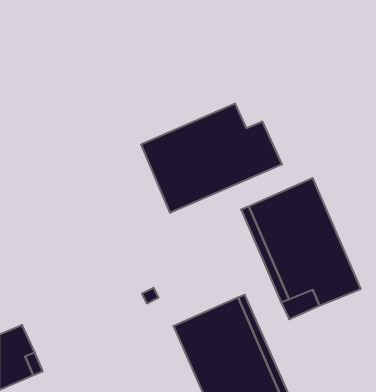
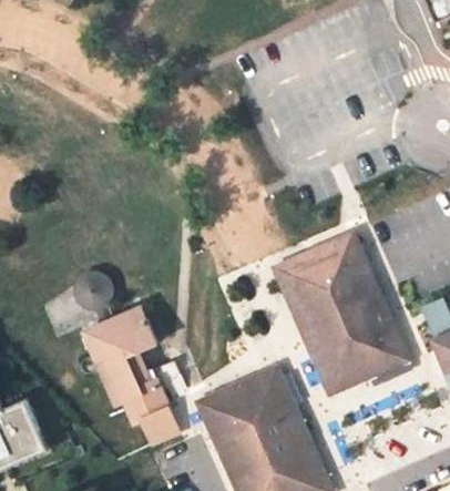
building: [141,103,282,213] -> none
building: none -> [78,278,178,444]

